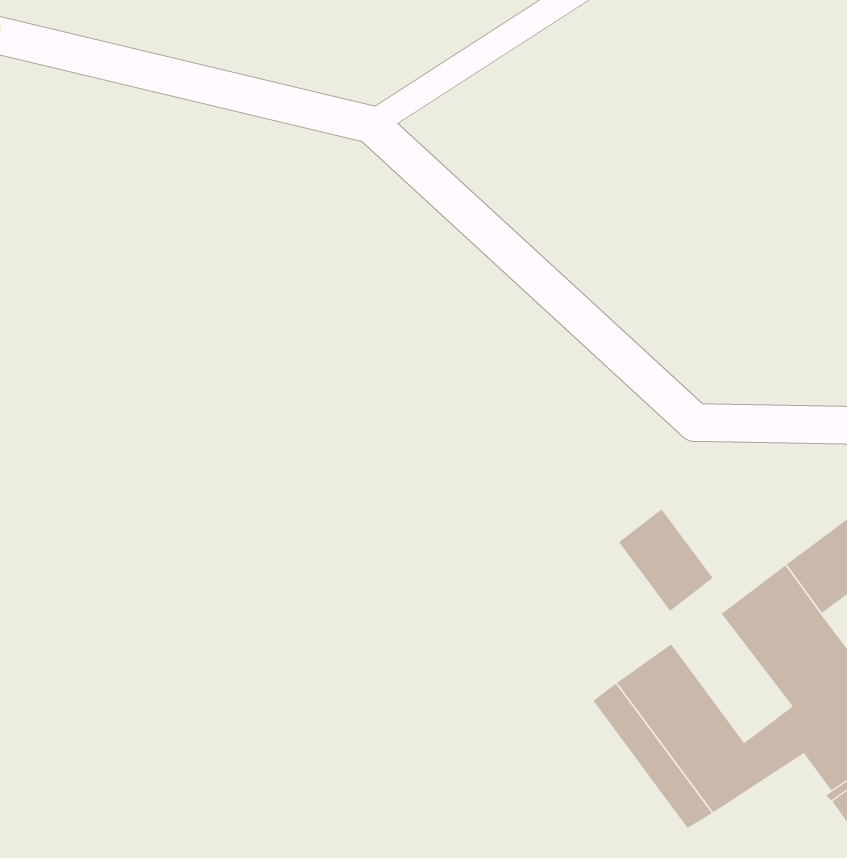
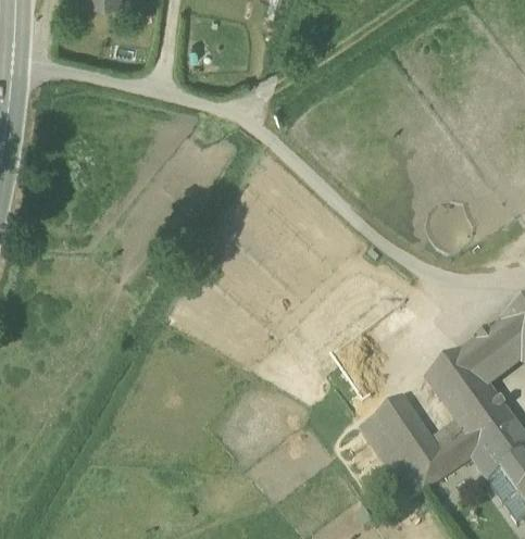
building: [618,508,714,612] -> none

